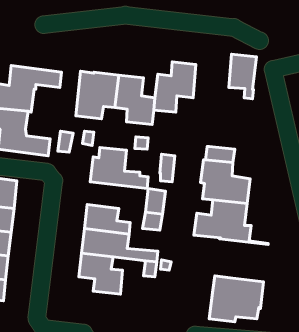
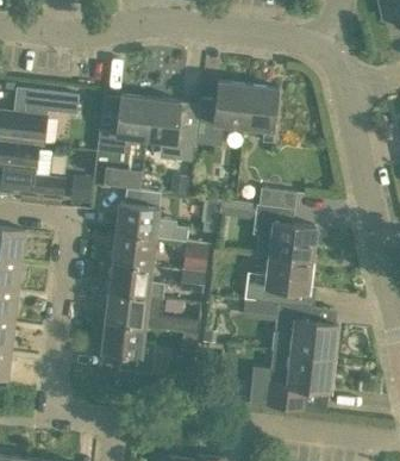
building: [229,54,256,99] -> [244,87,279,143]
building: none -> [112,233,155,267]
building: none -> [271,305,338,359]

